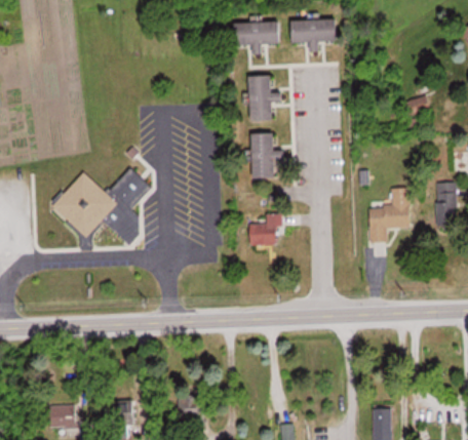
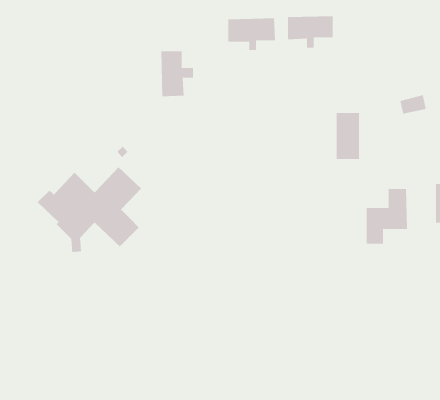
building: [249,75,282,120] -> [160,51,194,97]
building: [251,132,275,178] -> [336,112,360,160]
building: [249,214,279,244] -> none

